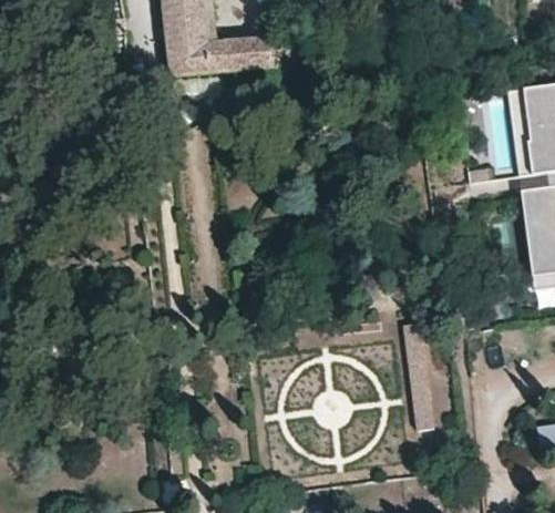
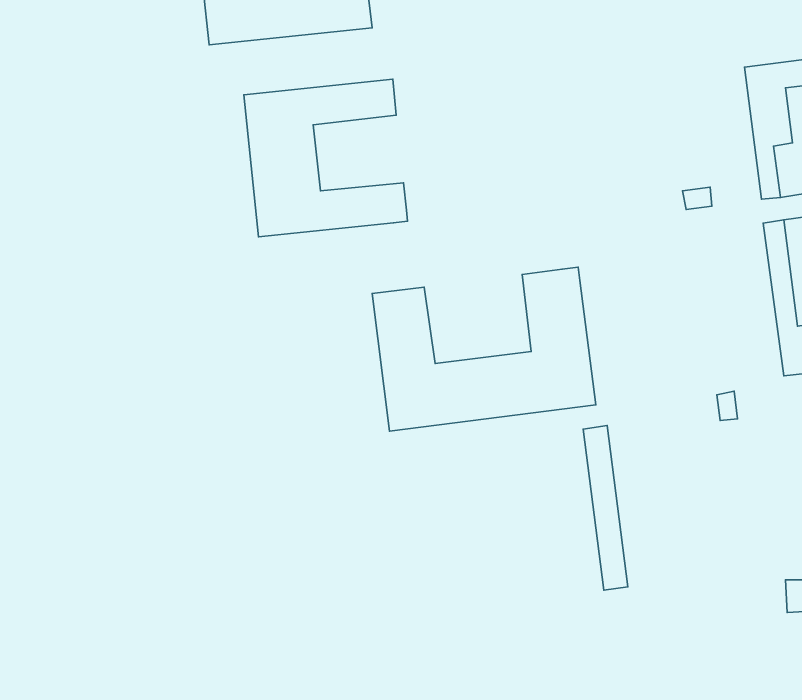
building: none -> [244,79,408,237]
building: none -> [372,267,596,431]

